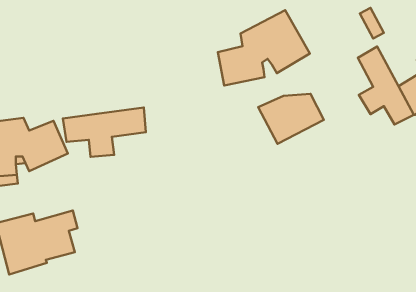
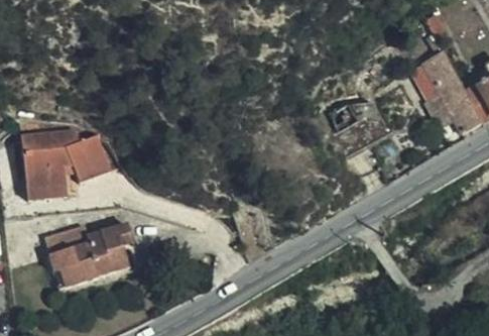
building: [218,10,310,85] -> none
building: [63,108,146,157] -> none

